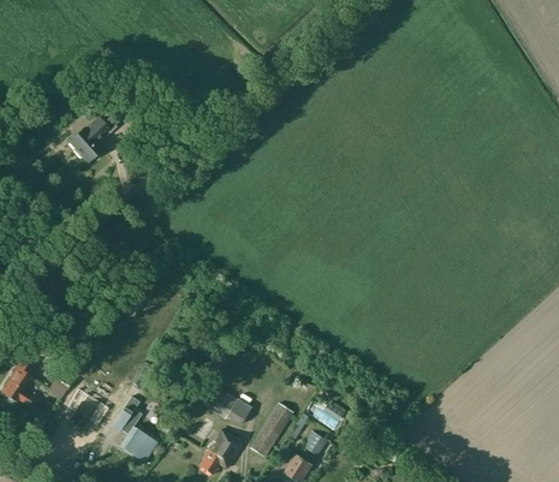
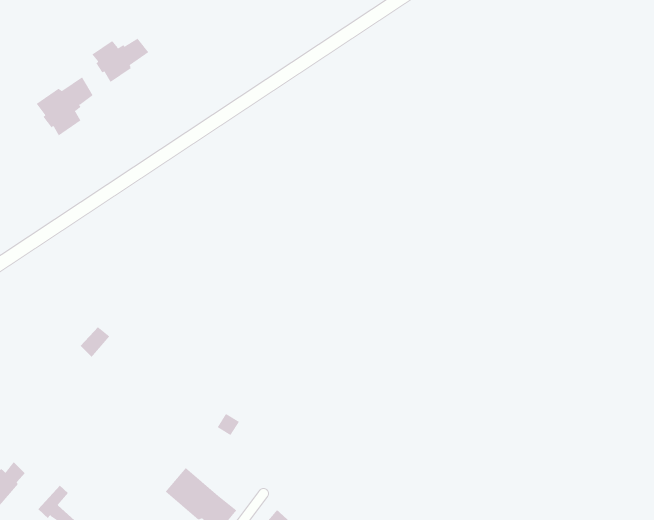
building: none -> [92,38,149,83]

